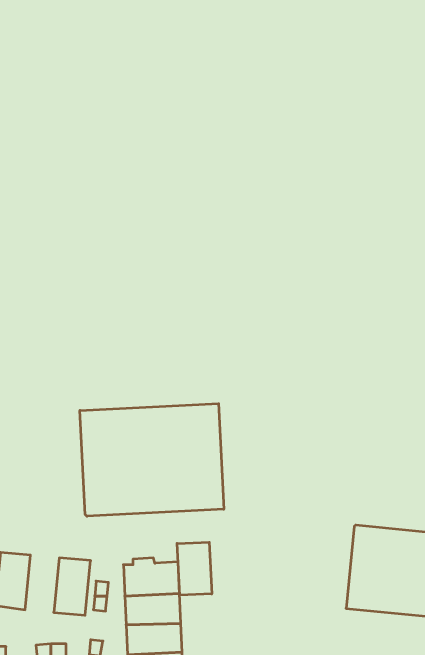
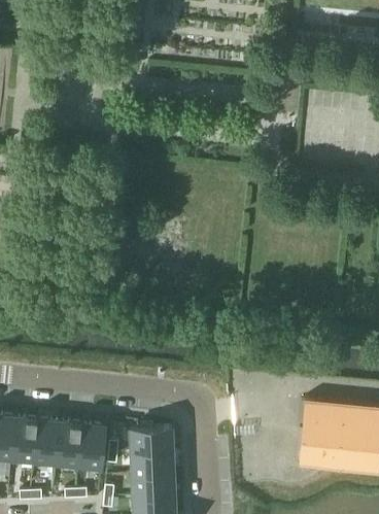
building: [80,404,224,516] -> none
building: [177,542,212,595] -> none
building: none -> [56,422,81,466]

